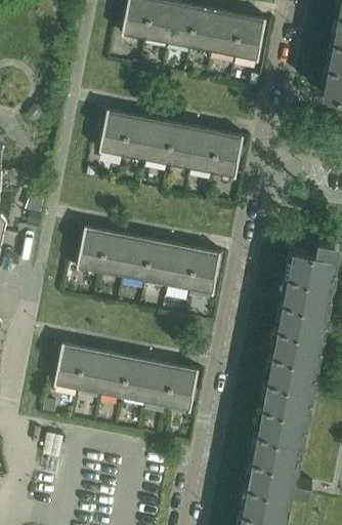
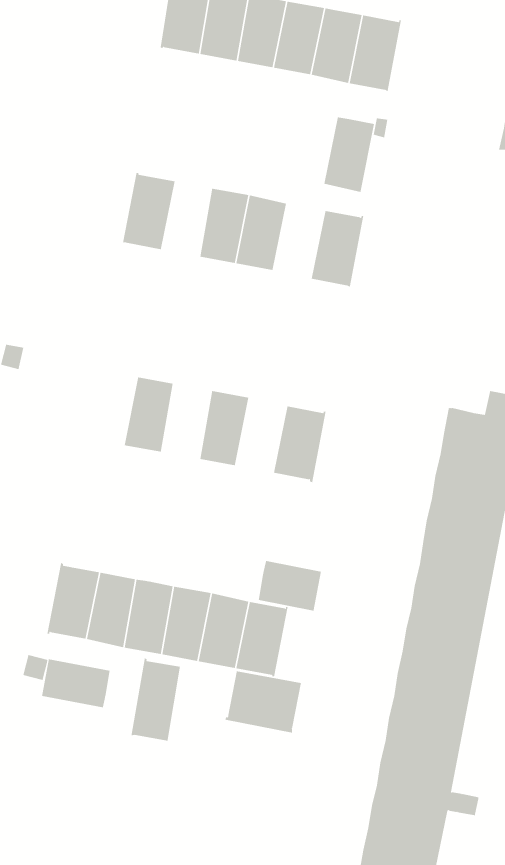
building: [122,115,152,160] -> none
building: [188,128,219,173] -> [323,117,375,192]
building: [76,226,108,273] -> none
building: [122,236,152,281] -> none
building: [166,244,197,289] -> none
building: none -> [258,560,322,612]
building: none -> [131,658,180,741]
building: none -> [42,659,110,708]
building: none -> [225,671,301,733]

